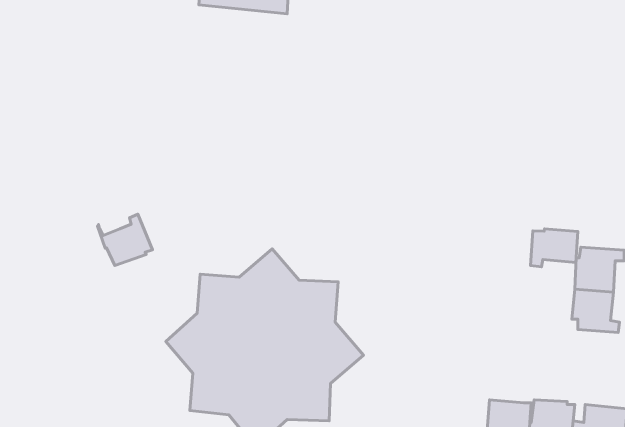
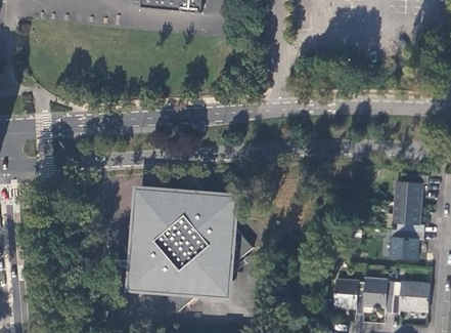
building: [97,214,153,265] -> none
building: [531,229,578,267] -> none
building: none -> [390,231,423,260]

